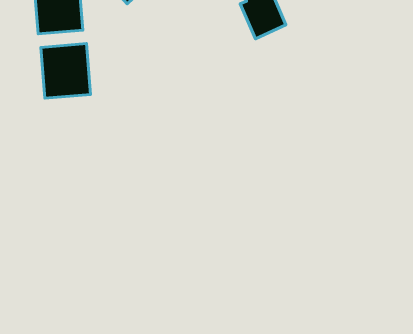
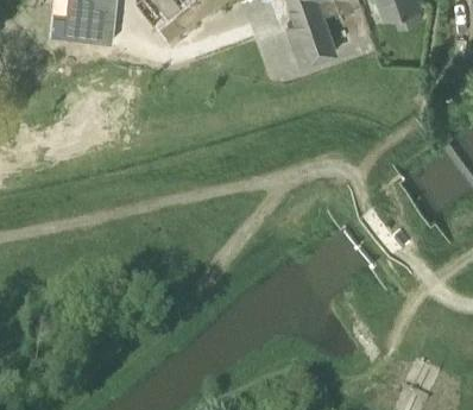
building: [41,44,91,98] -> none

